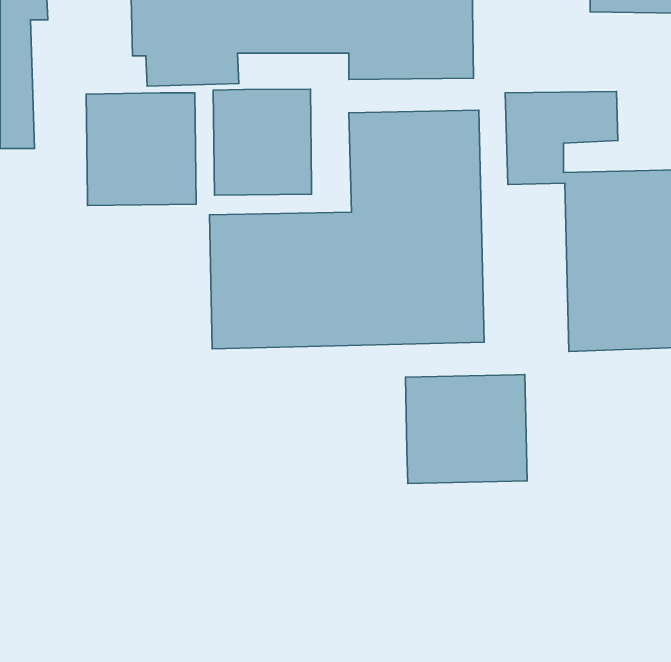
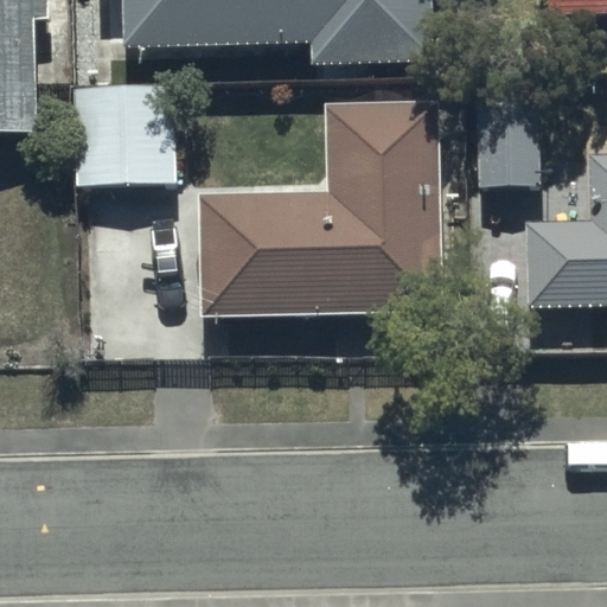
building: [213,89,312,195] -> none
building: [406,374,527,483] -> none

